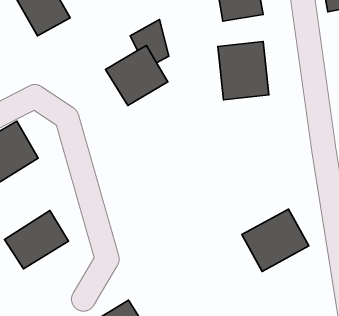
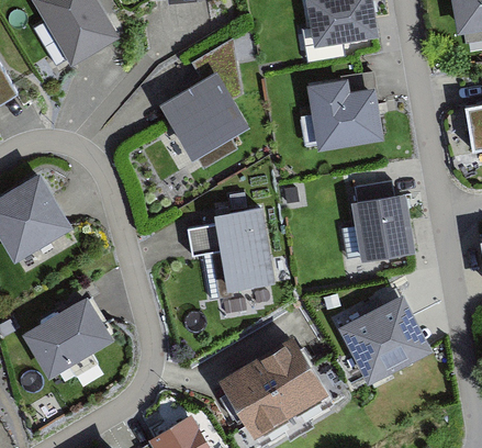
building: none -> [348,173,411,258]
building: none -> [213,191,268,291]
building: none -> [227,326,338,427]

